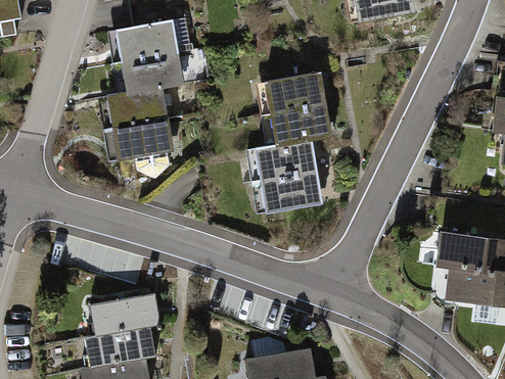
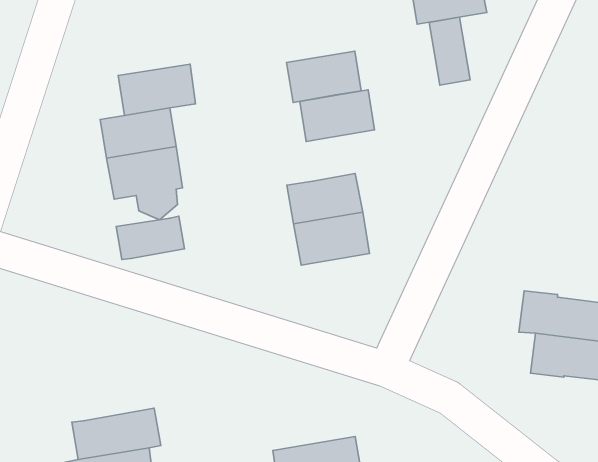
building: none -> [429,17,470,85]
building: [116,18,192,61] -> none
building: [270,104,329,145] -> [287,51,361,103]
building: none -> [116,216,184,259]
building: [88,293,159,335] -> none

